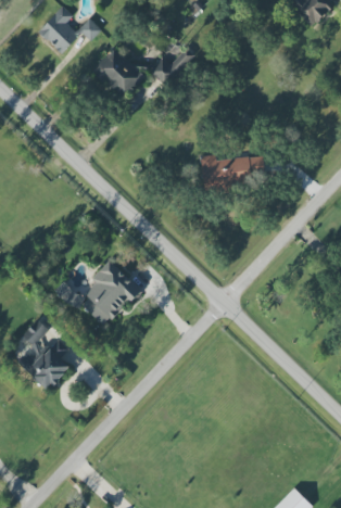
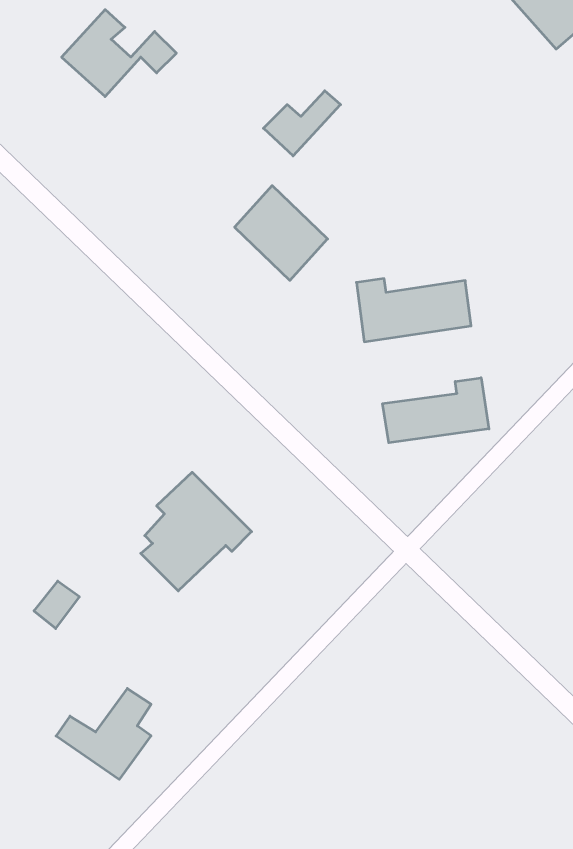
building: [92,47,143,99] -> [235,186,328,280]
building: none -> [383,378,489,443]
building: [16,339,68,389] -> [56,688,151,779]

